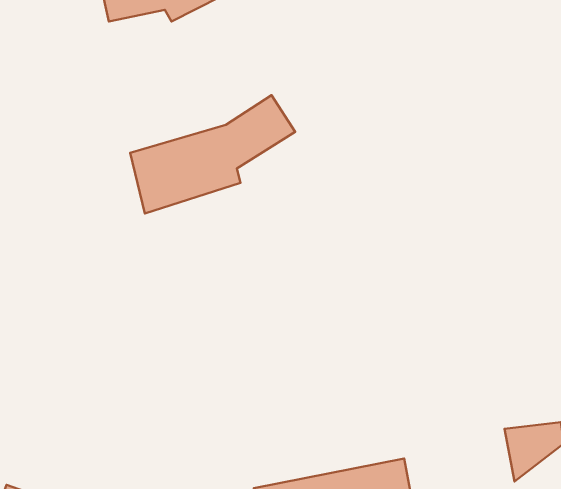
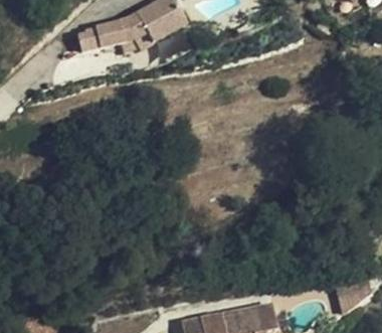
building: [130,95,295,213] -> none

